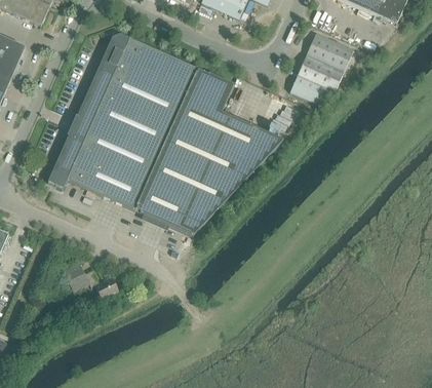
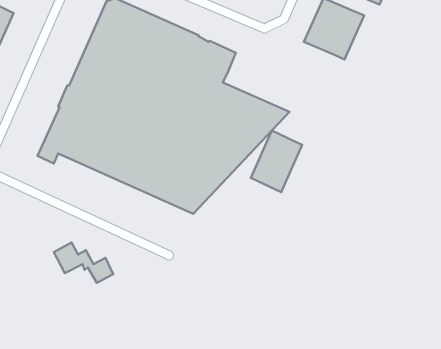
building: [289,73,335,103] -> none
building: none -> [251,131,302,192]

